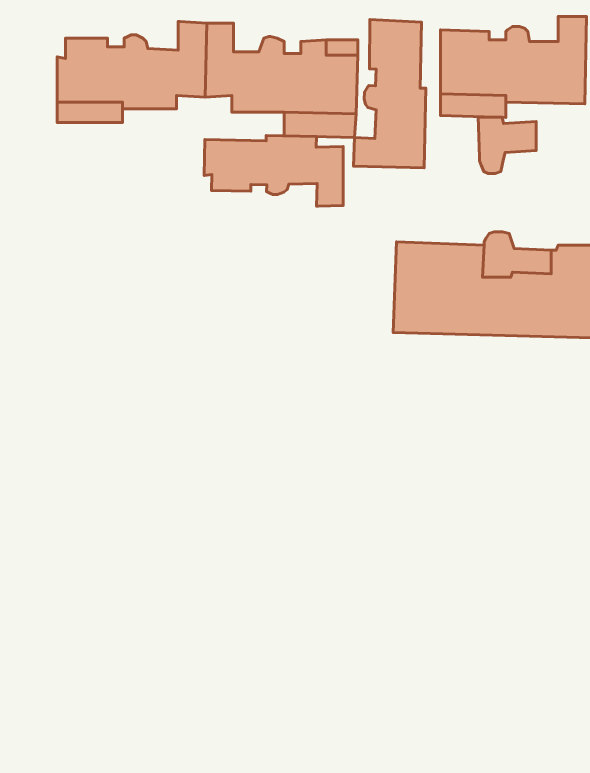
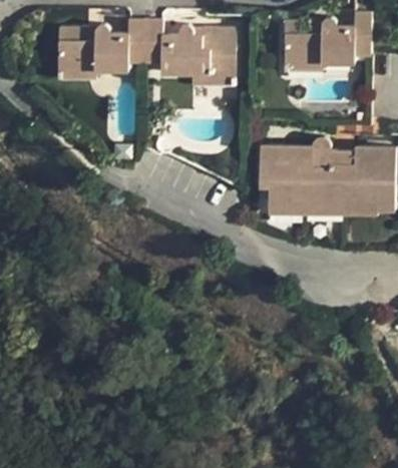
building: [354,20,426,168] -> none
building: [478,117,536,173] -> none
building: [204,135,343,206] -> none

